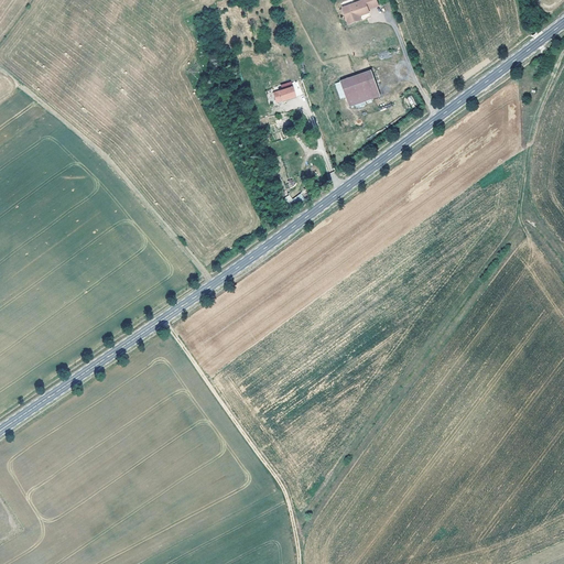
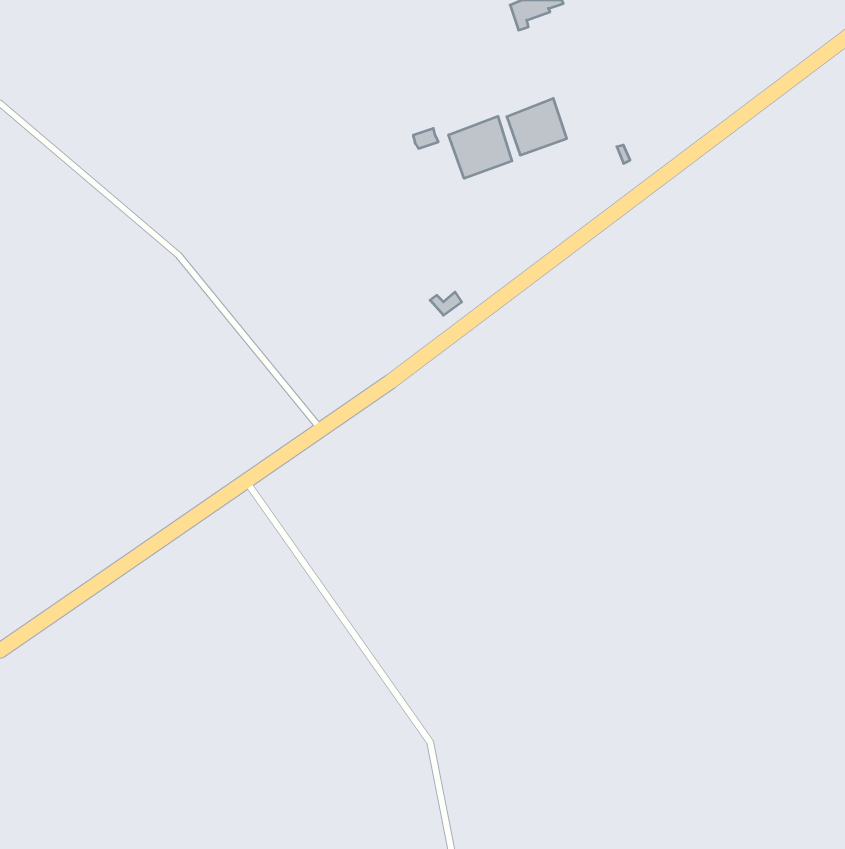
building: none -> [449,116,512,178]

